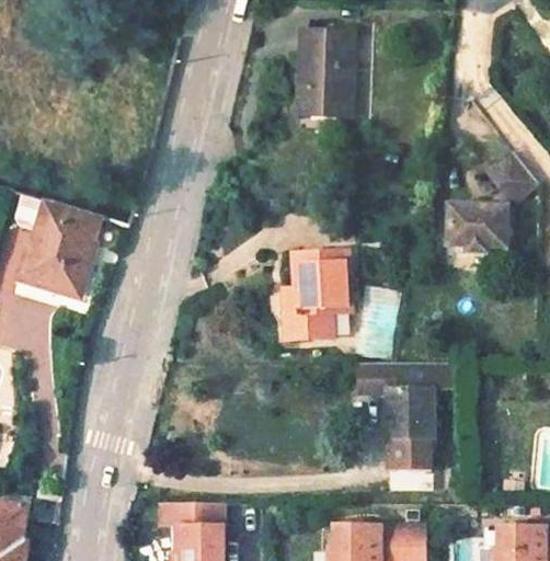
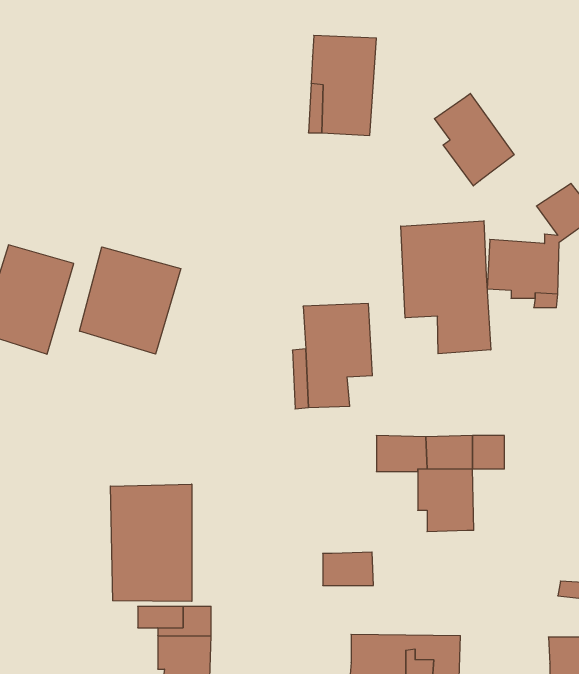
building: none -> [434,93,514,186]
building: none -> [401,221,491,354]
building: none -> [80,247,181,354]
building: none -> [110,484,192,601]
building: [387,440,428,468] -> [323,552,373,585]

